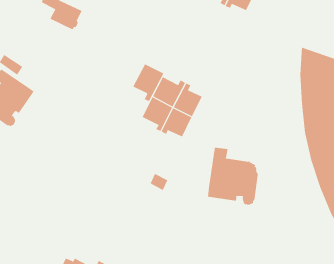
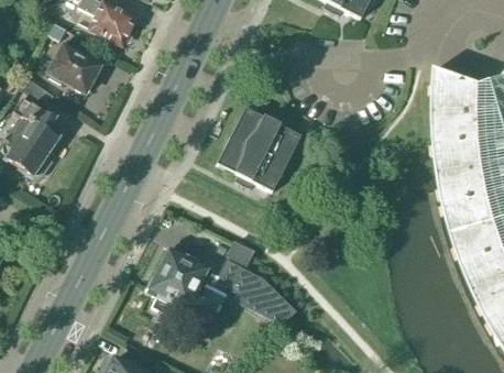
building: none -> [50,41,99,95]
building: [133,63,164,102] -> none
building: [207,147,259,205] -> none
building: none -> [144,249,293,322]

